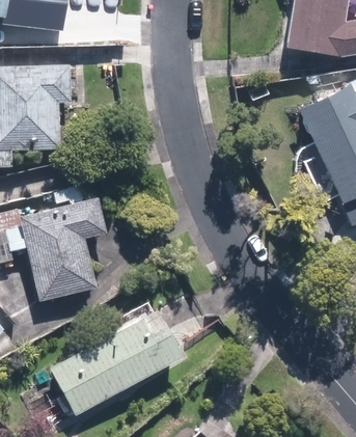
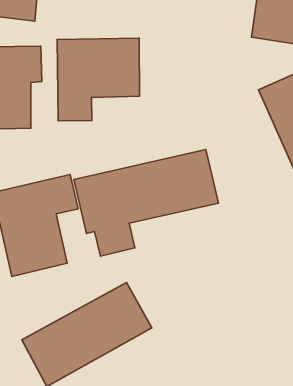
building: none -> [57,38,140,121]
building: none -> [74,150,218,256]

